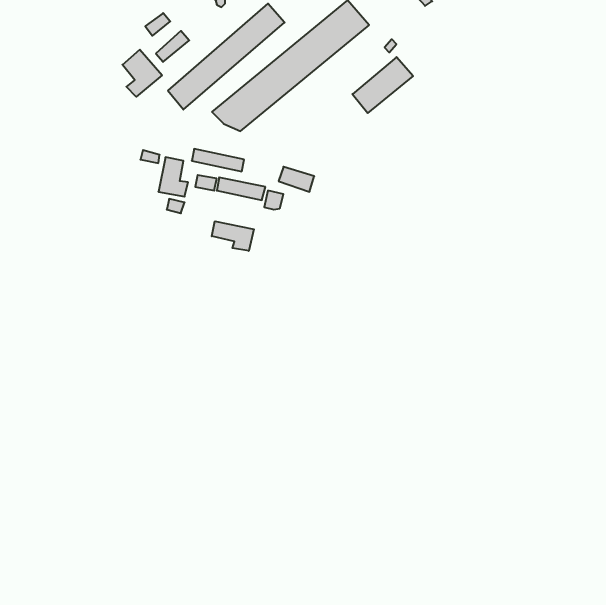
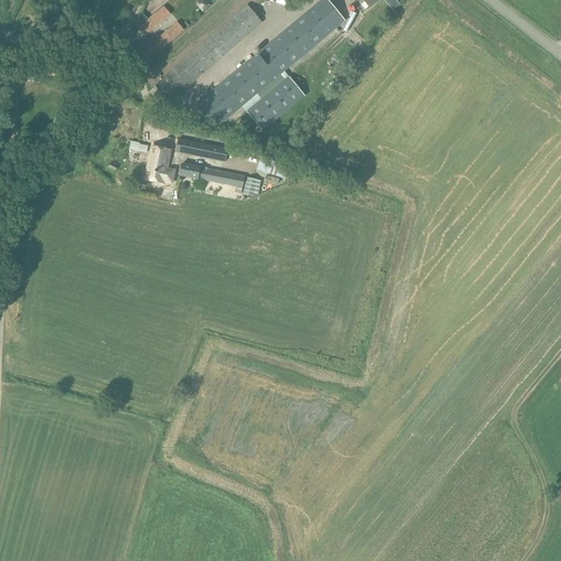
building: [122,50,162,97] -> none
building: [352,57,413,113] -> [250,76,306,127]
building: [212,221,254,251] -> none

